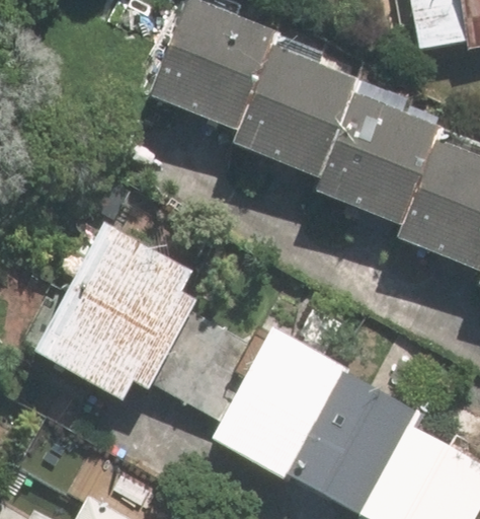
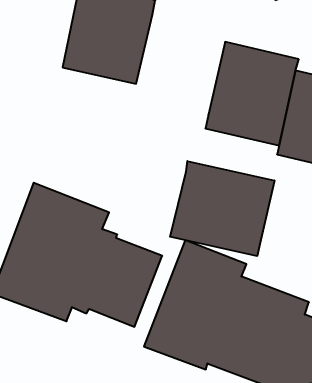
building: [238,44,362,174] -> none
building: none -> [170,161,274,256]

